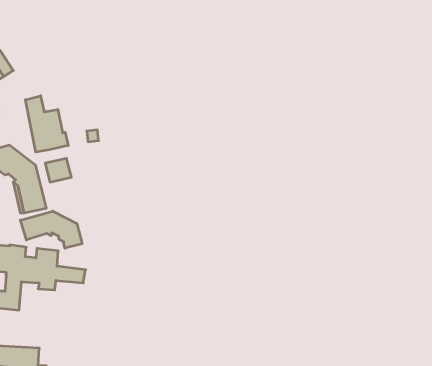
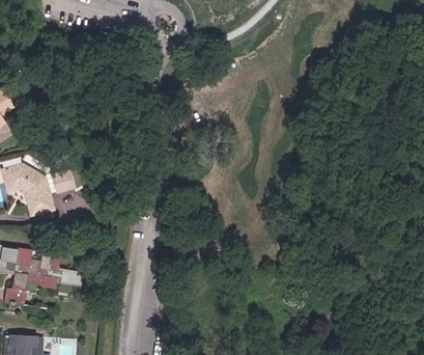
building: [25,96,68,152] -> none
building: [20,211,82,248] -> none

